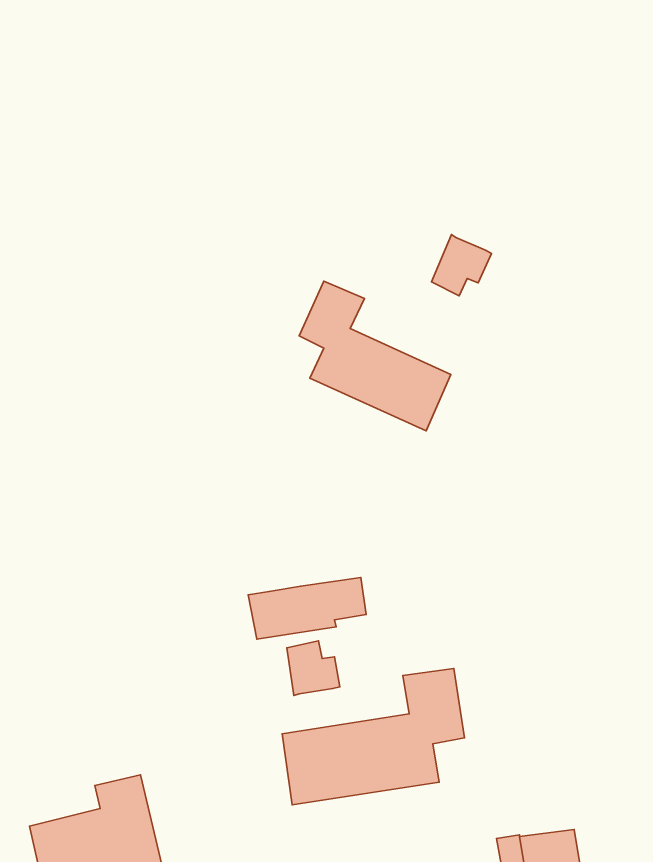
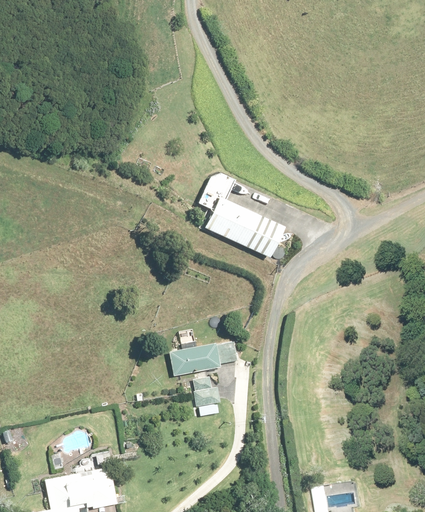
building: [432,235,492,296] -> none
building: [282,669,464,805] -> none

